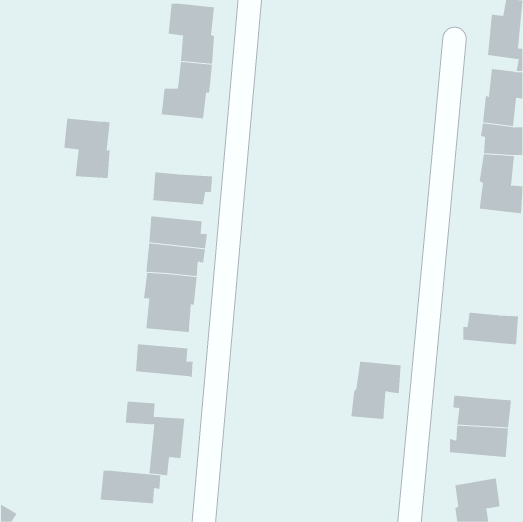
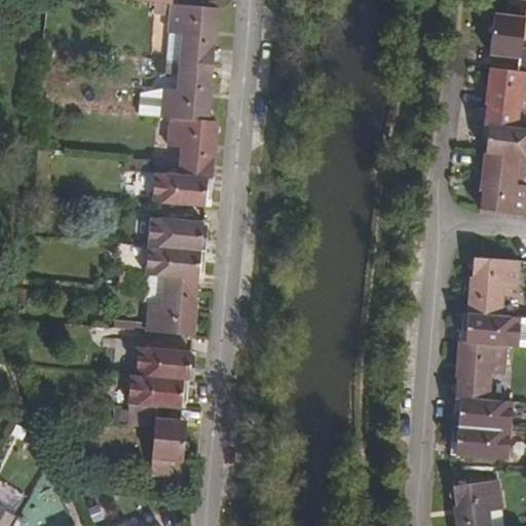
building: [63,118,111,179] -> [168,116,216,177]
building: none -> [471,257,521,316]
building: [350,361,402,419] -> [455,341,506,400]
building: [100,470,161,504] -> [127,373,189,407]

